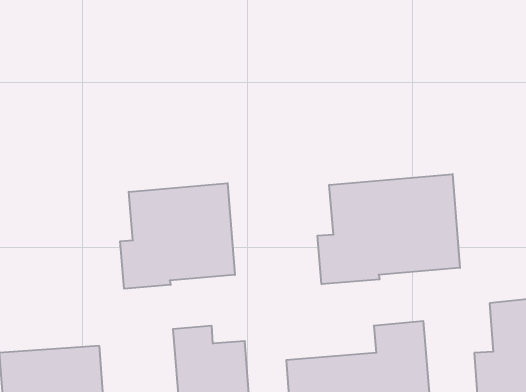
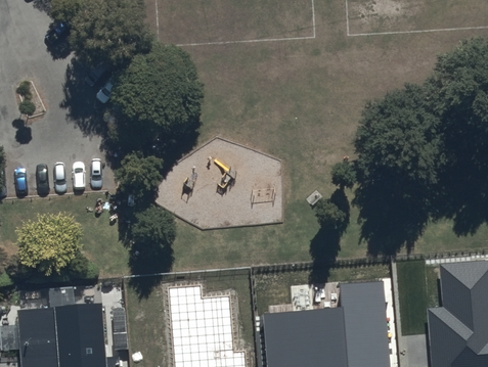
building: [318,174,460,284] -> none
building: [120,183,235,289] -> none

